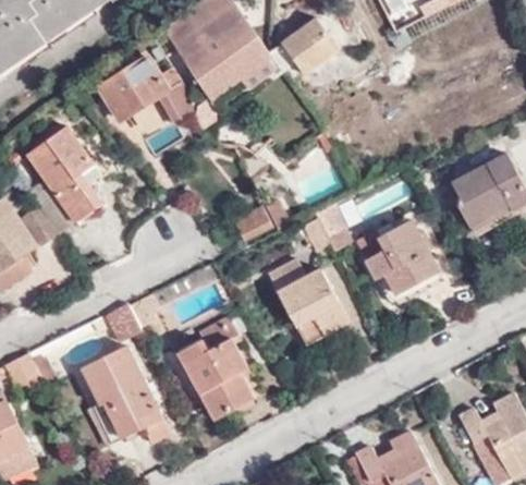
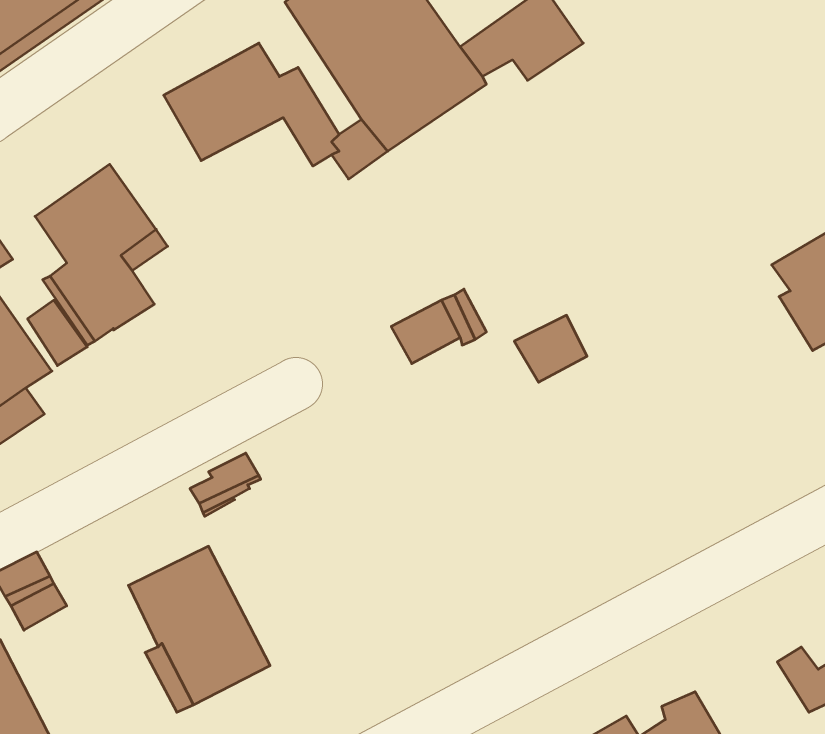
building: [359,217,443,289] -> none
building: [270,260,347,344] -> none
building: [174,316,252,425] -> none

